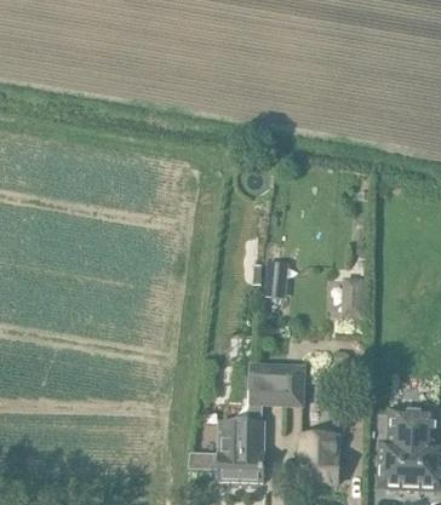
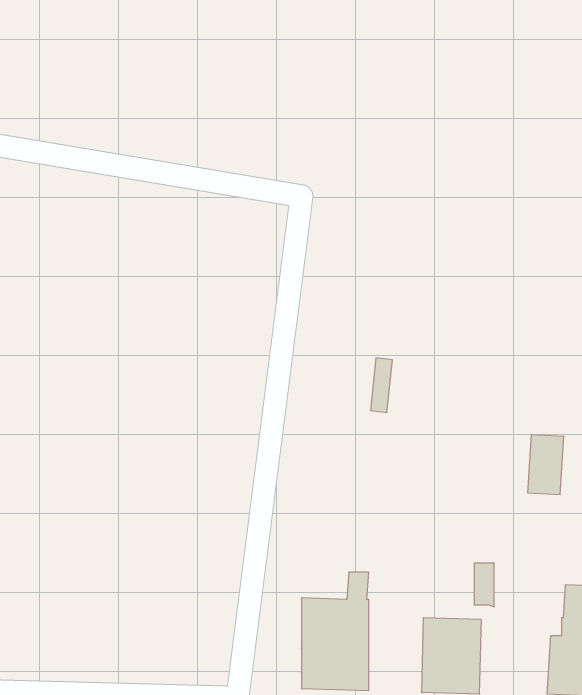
building: [343,275,367,315] -> [528,435,564,495]
building: [251,363,305,404] -> none

